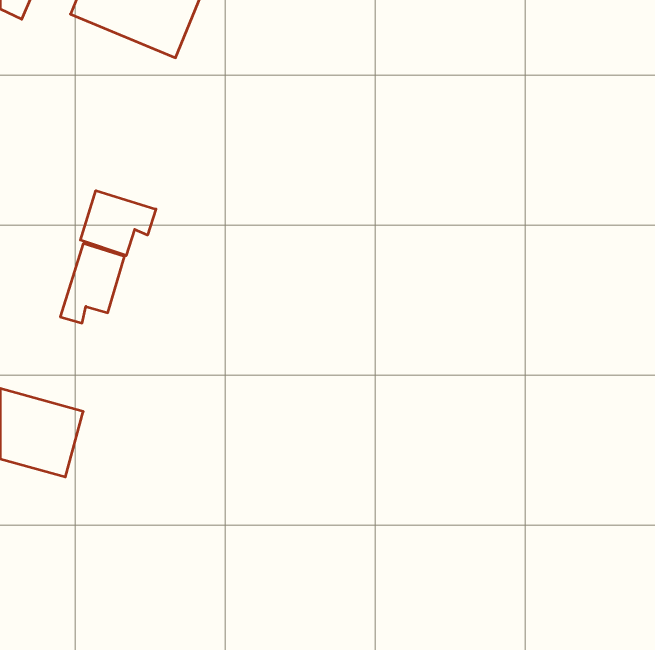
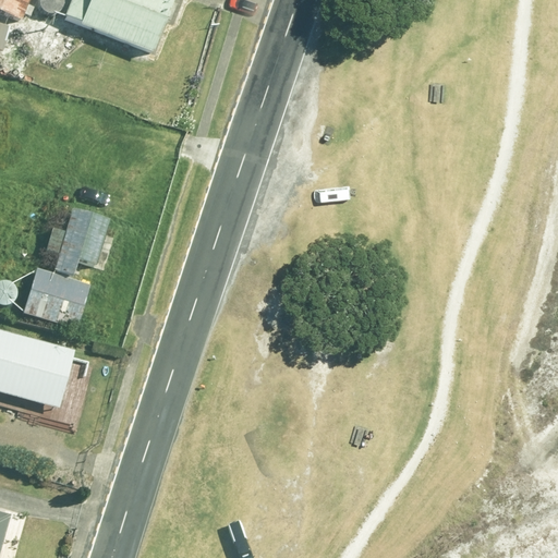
building: [80,191,156,256] -> none
building: none -> [23,267,88,327]

